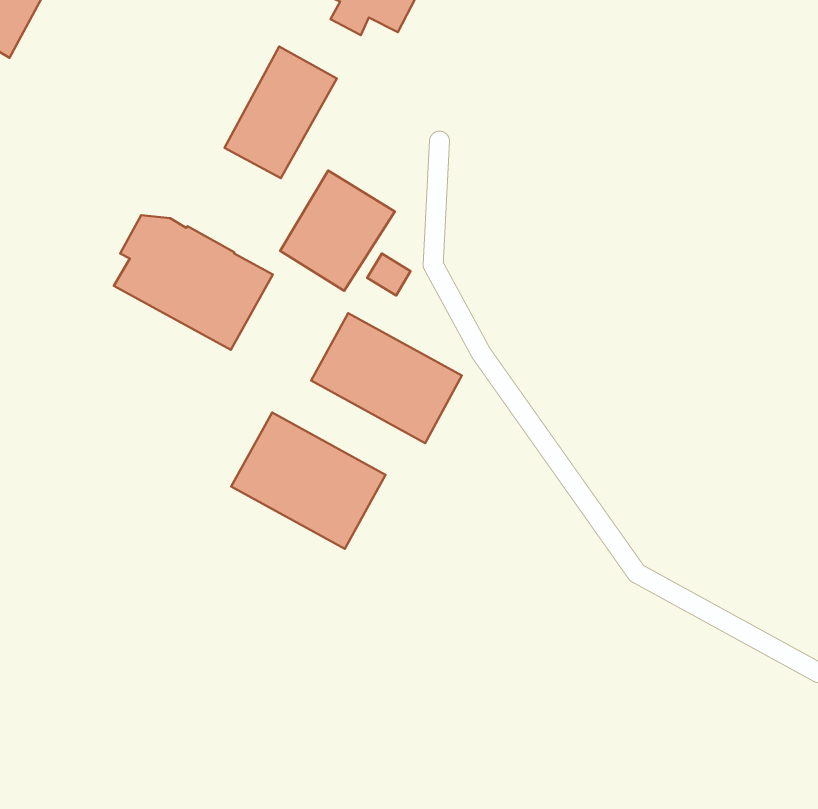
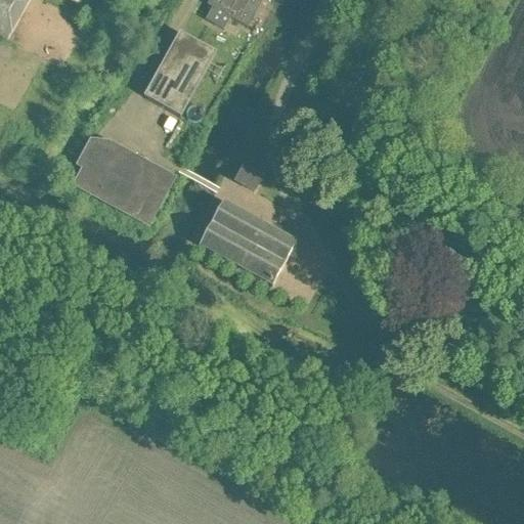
building: [280,171,395,291] -> none
building: [231,413,385,549] -> none

